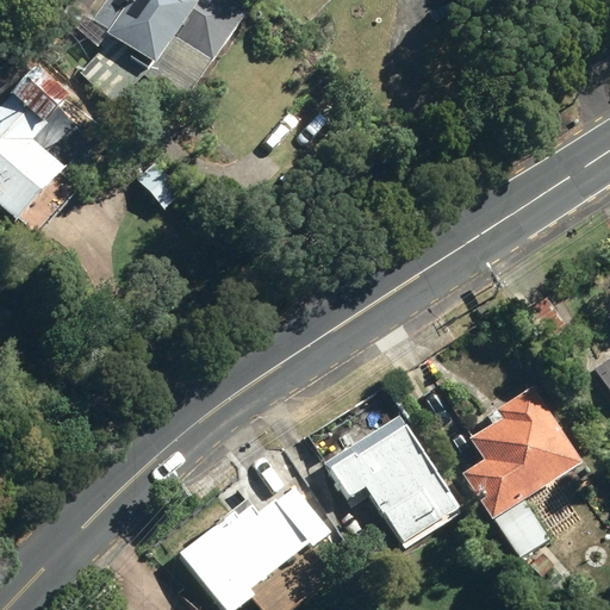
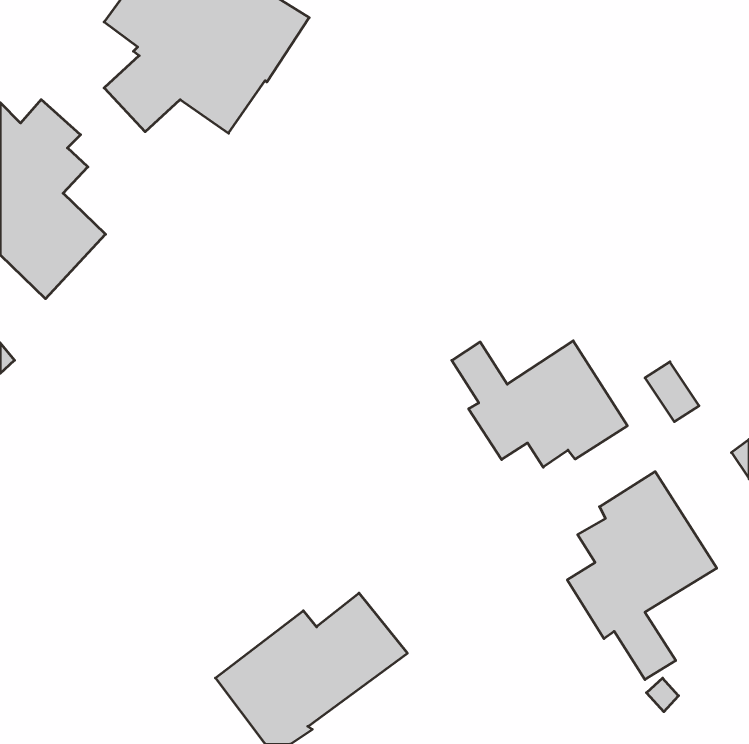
building: none -> [452,341,627,467]
building: [324,412,459,542] -> none

